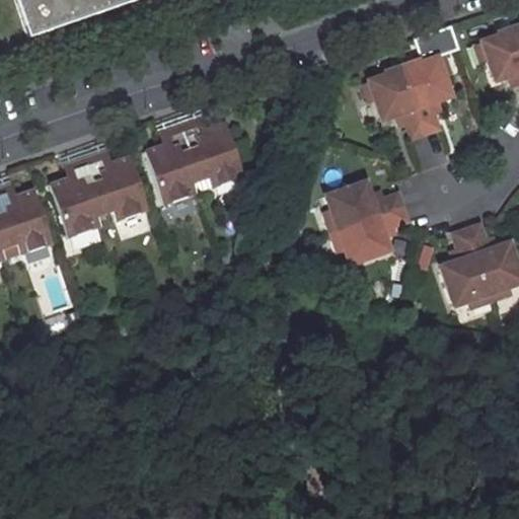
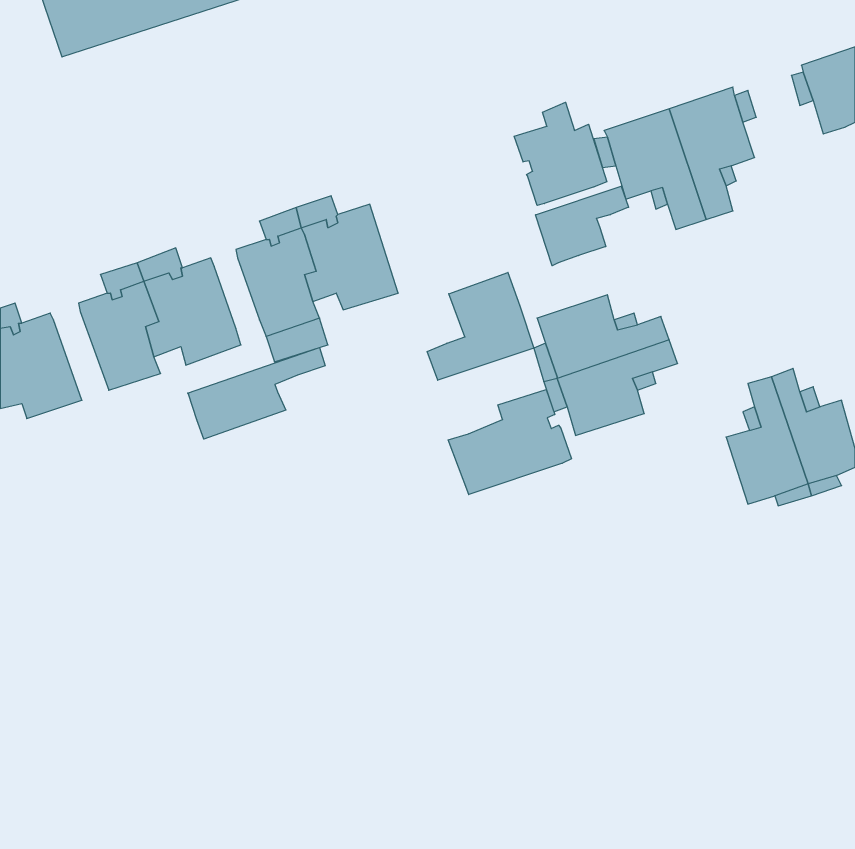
building: none -> [514,102,607,205]
building: none -> [536,186,629,266]
building: none -> [427,272,534,380]
building: none -> [188,348,325,439]
building: none -> [448,389,571,495]

